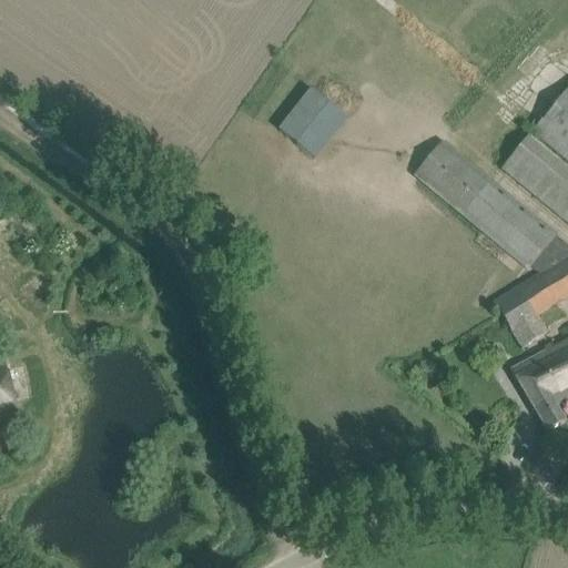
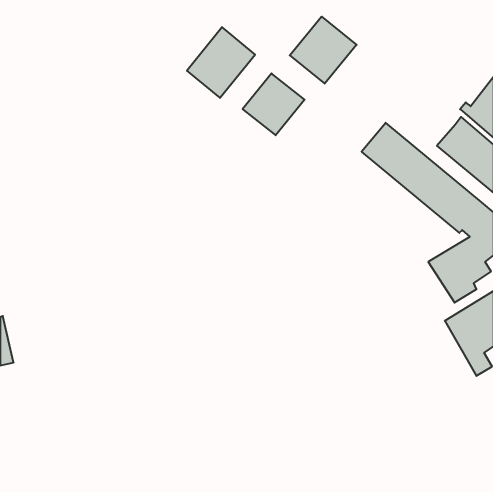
building: none -> [290,17,357,84]
building: none -> [187,27,255,98]

